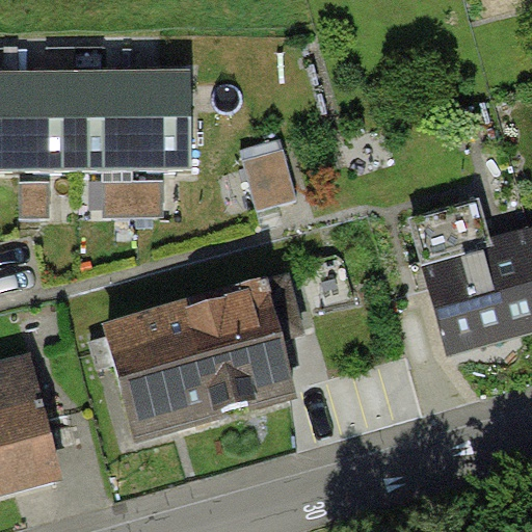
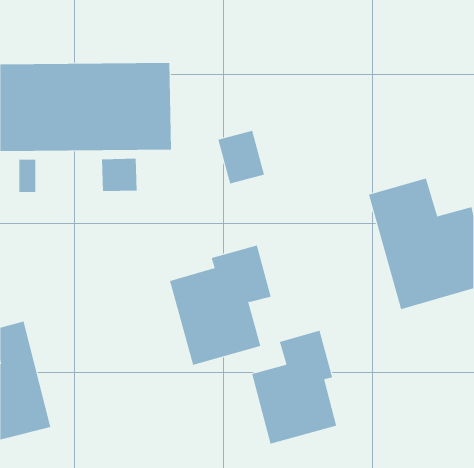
building: [90,314,215,430] -> none
building: none -> [251,330,337,444]

